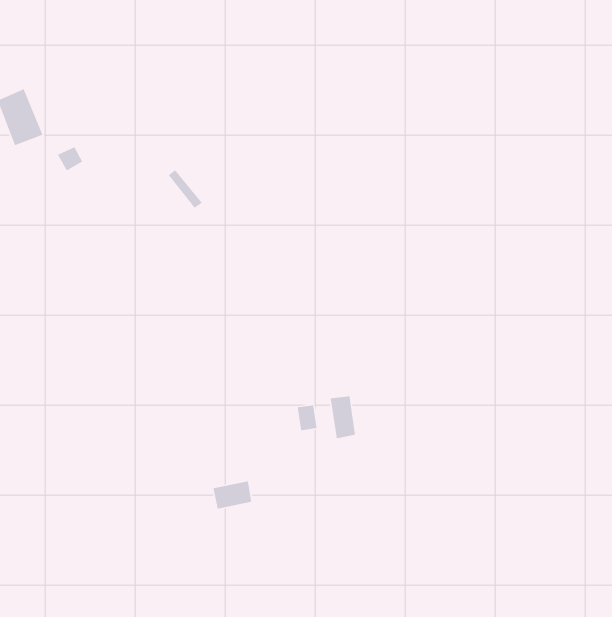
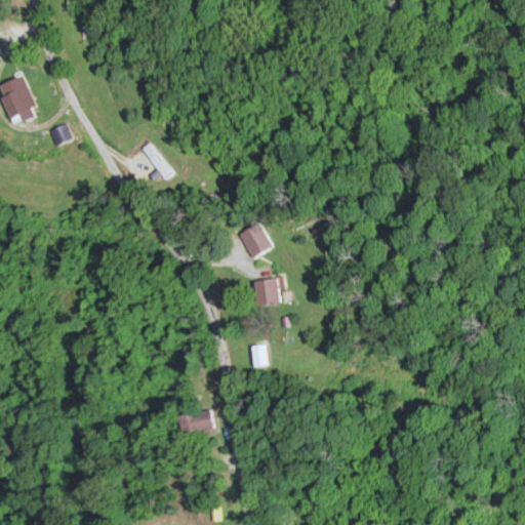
building: none -> [238,223,272,258]
building: none -> [253,277,281,307]
building: [330,395,356,439] -> none

